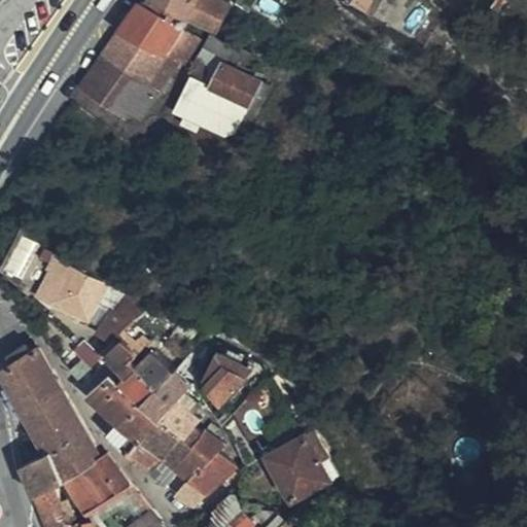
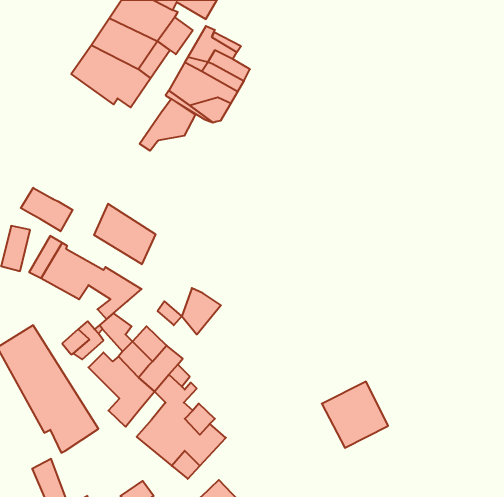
building: none -> [140,99,195,151]
building: none -> [21,188,73,231]
building: none -> [94,204,155,264]
building: [206,352,246,399] -> [182,288,221,334]
building: [262,432,330,500] -> [322,382,388,448]
building: [67,454,128,512] -> none
building: [19,457,63,497] -> none

